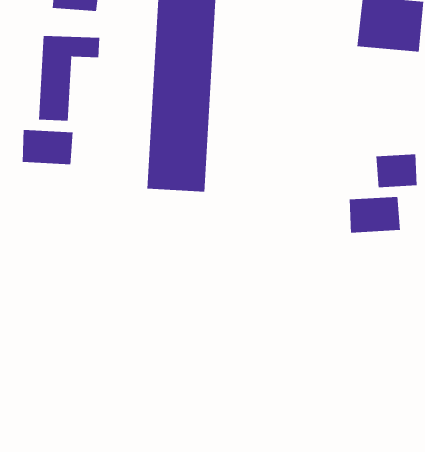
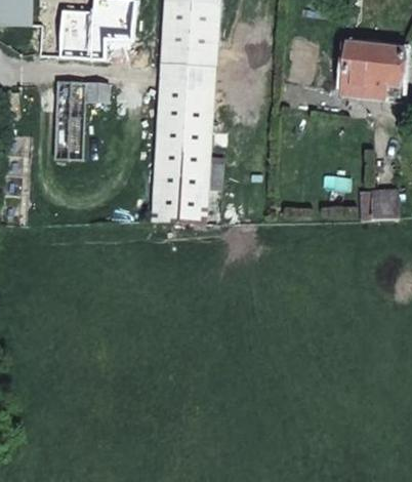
building: [22,129,73,165] -> none
building: [349,196,400,233] -> none

